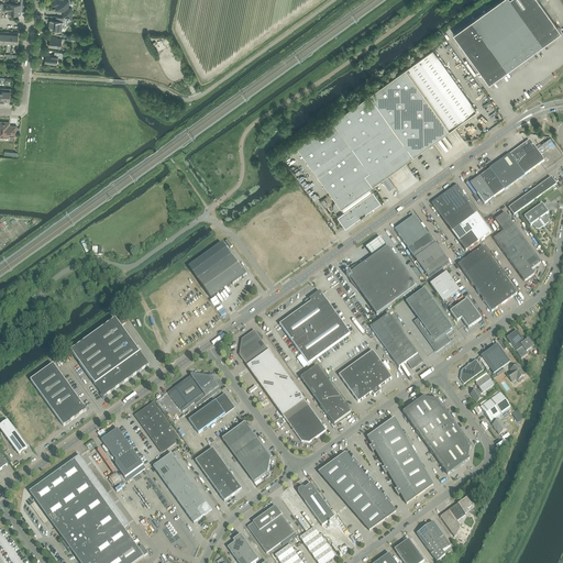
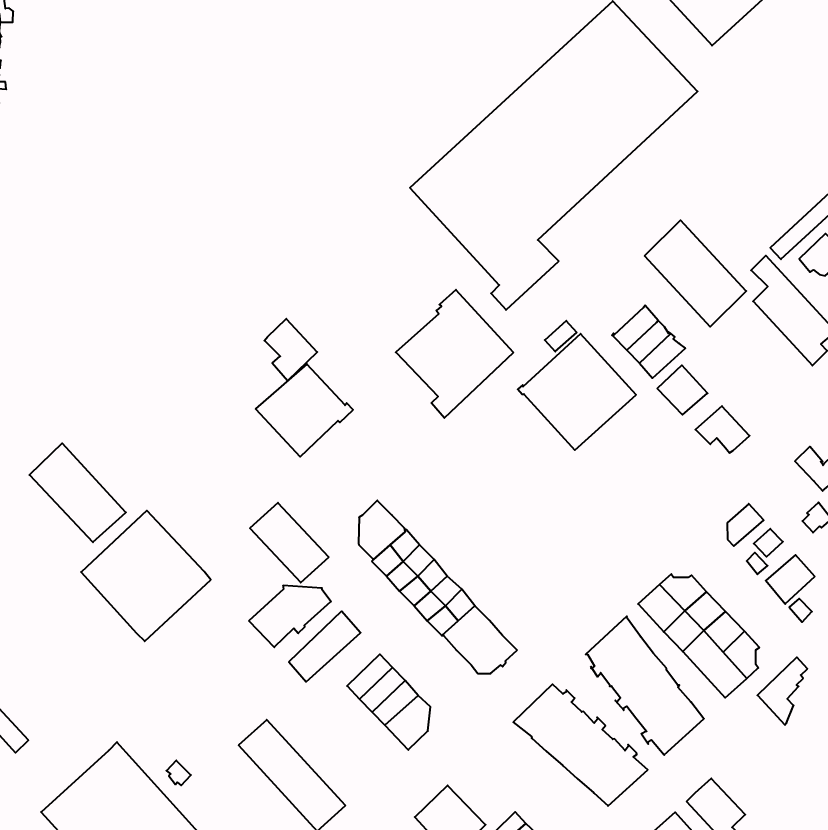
building: [468,137,543,201] -> none
building: none -> [264,319,317,381]
building: [394,213,427,246] -> none
building: [456,244,516,309] -> none
building: [405,286,452,349] -> none
building: [278,289,349,365] -> [396,290,513,418]
building: [369,311,426,366] -> none
building: [479,342,509,372] -> none
building: [338,349,390,399] -> none
building: [30,362,85,423] -> [29,443,126,542]
building: [299,364,350,422] -> none
building: [134,400,179,450] -> [250,503,329,583]
building: [100,427,142,475] -> none
building: [195,446,241,499] -> none
building: [297,481,333,523] -> none
building: [439,495,471,534] -> [757,657,807,725]

